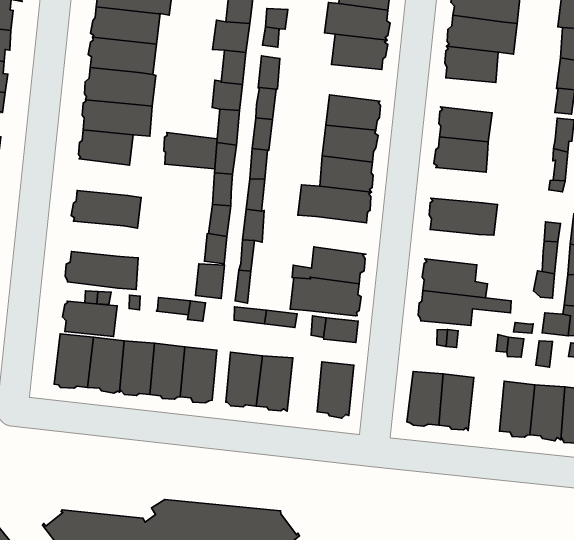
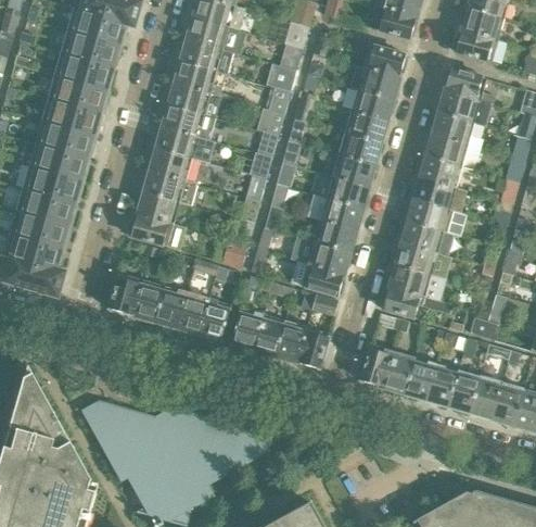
building: none -> [345,111,386,143]
building: none -> [424,135,478,166]
building: [164,132,217,169] -> [150,148,191,180]
building: none -> [406,199,449,230]
building: none -> [315,219,356,253]
building: none -> [394,243,436,275]
building: [62,301,117,336] -> [138,192,179,224]
building: none -> [275,319,306,362]
building: none -> [404,356,436,399]

